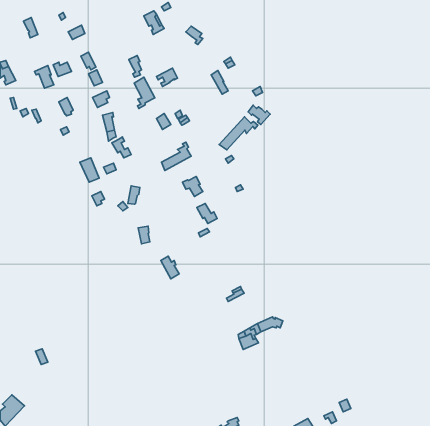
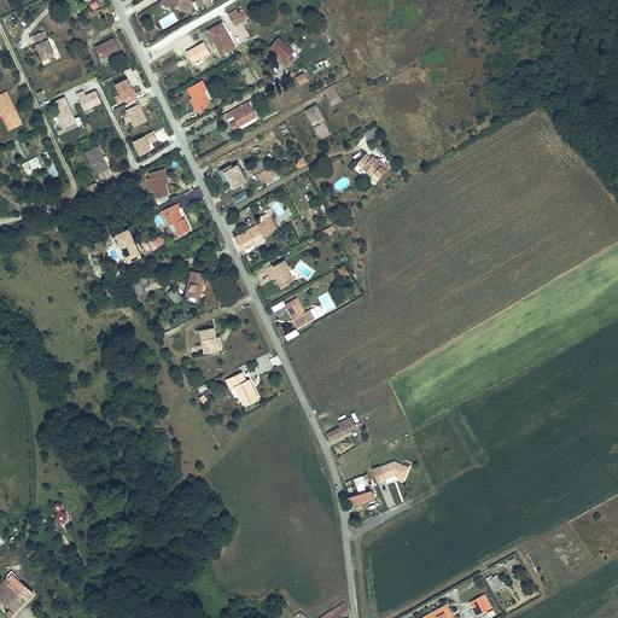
building: [134,77,155,108] -> none
building: [219,117,258,150] -> none

